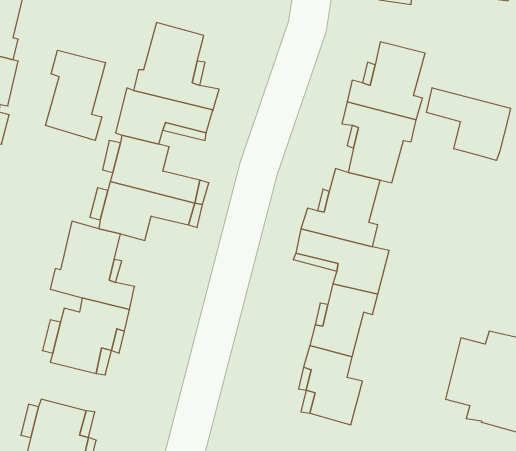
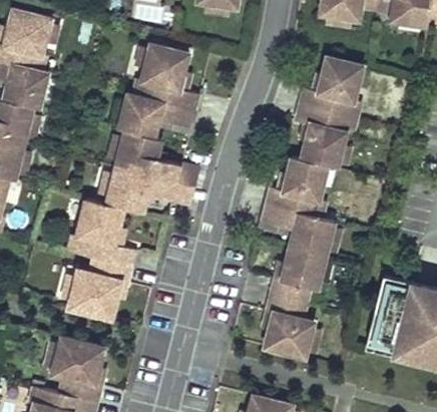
building: [46,50,105,140] -> none
building: [426,88,511,160] -> none
building: none -> [367,278,412,353]

